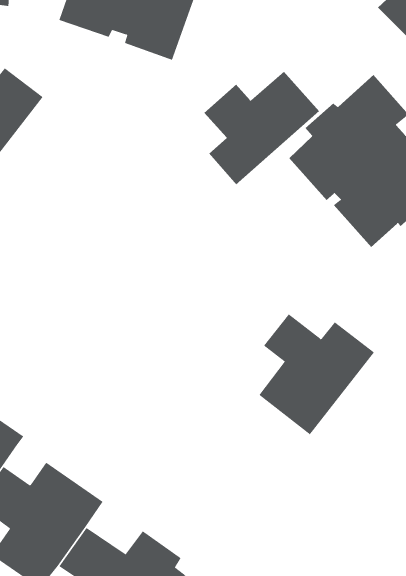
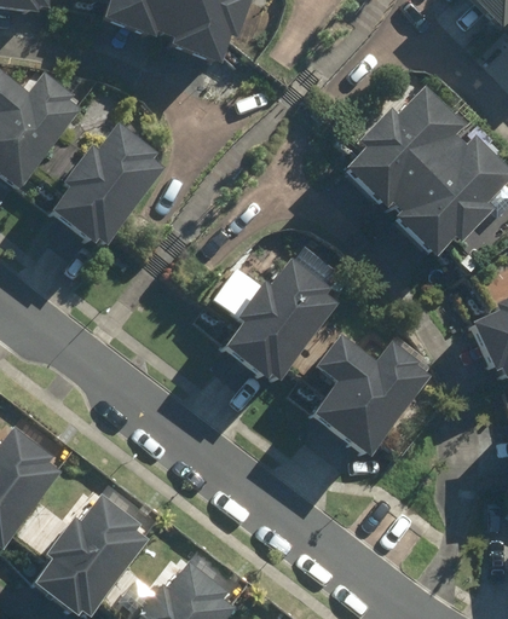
building: [204,71,320,185] -> none
building: none -> [50,120,172,245]
building: none -> [217,253,341,382]

